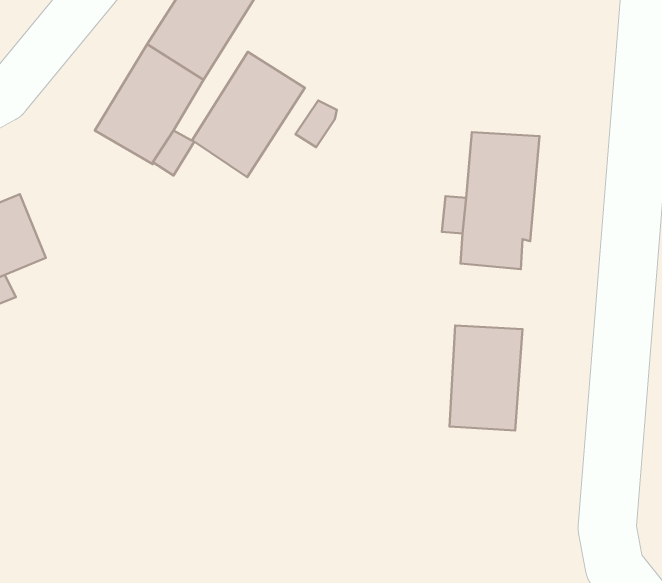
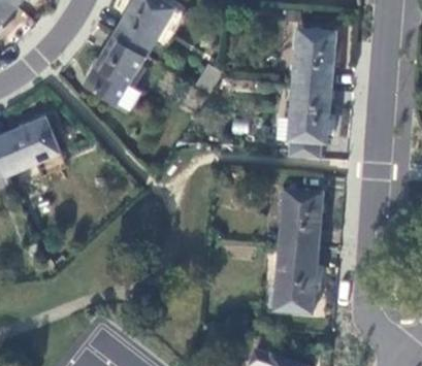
building: none -> [293,27,334,84]
building: [192,52,305,177] -> none
building: none -> [275,243,317,310]

